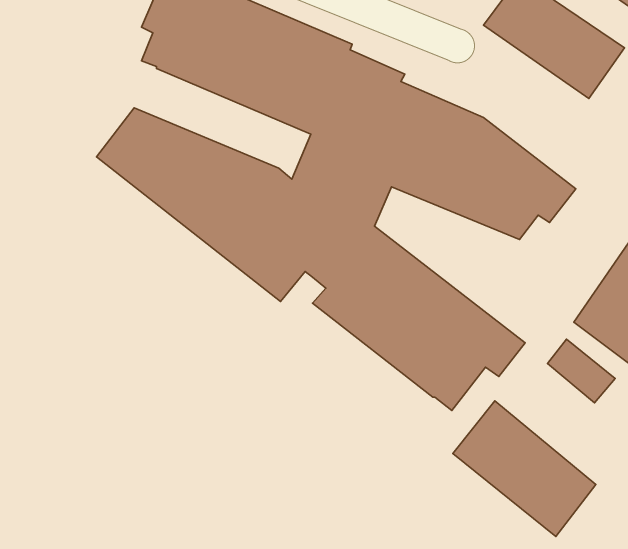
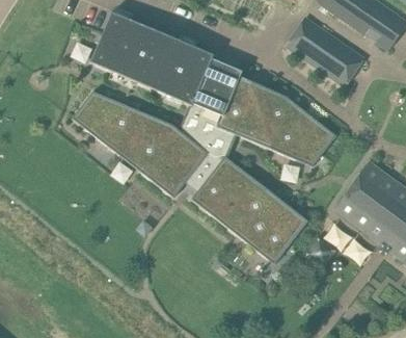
building: [453,401,596,536] -> none

